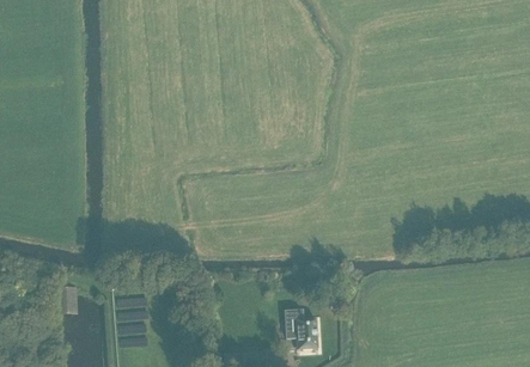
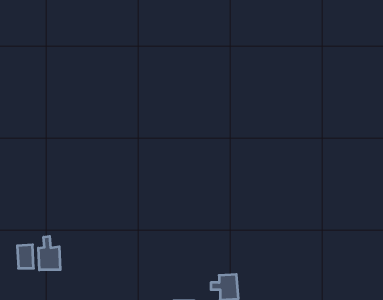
building: none -> [38,236,60,270]

